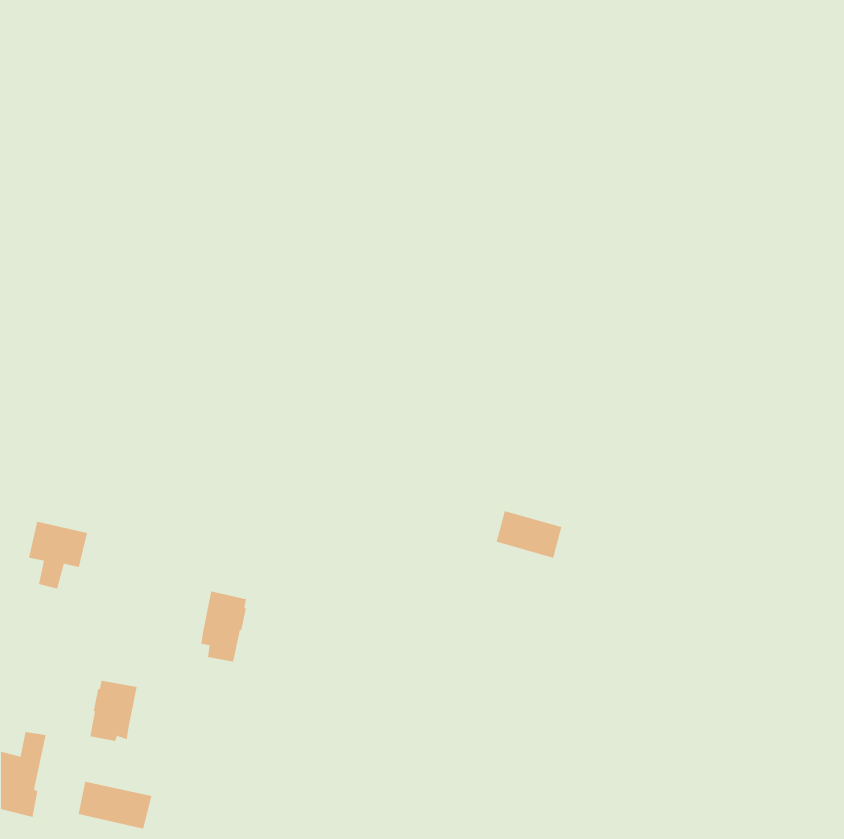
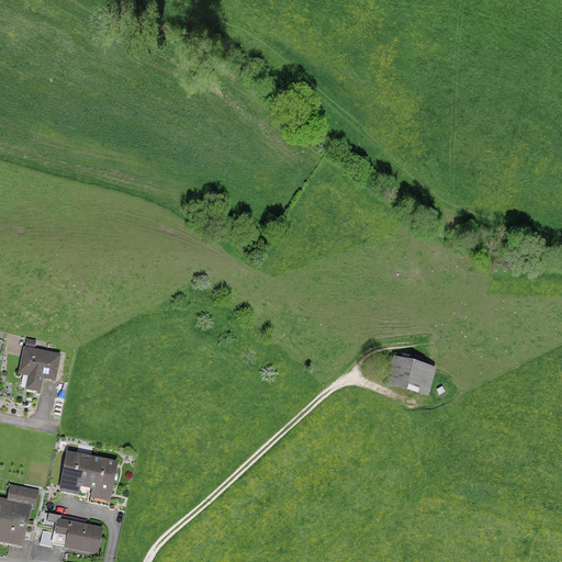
building: [496,510,562,558] -> [390,356,434,387]
building: [201,591,247,662] -> [86,456,116,503]

